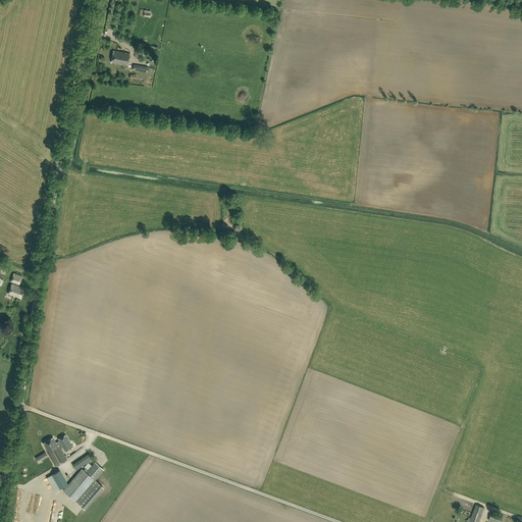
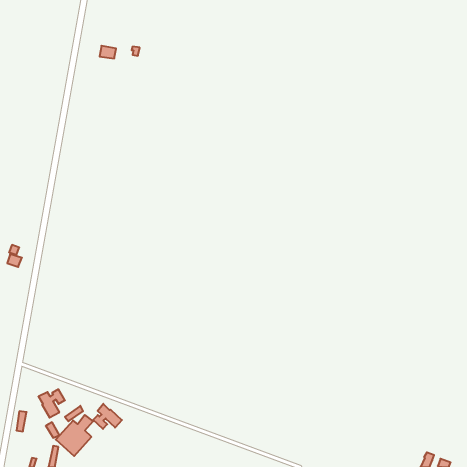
building: none -> [93,404,122,429]

